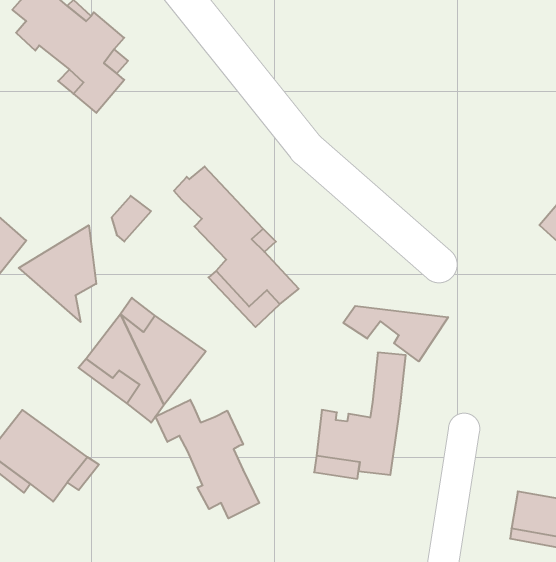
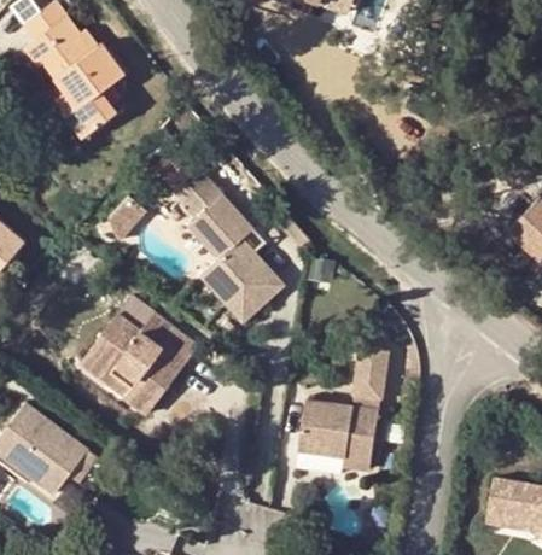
building: [19,225,96,322] -> none
building: [343,306,448,361] -> none
building: [155,400,259,518] -> none

